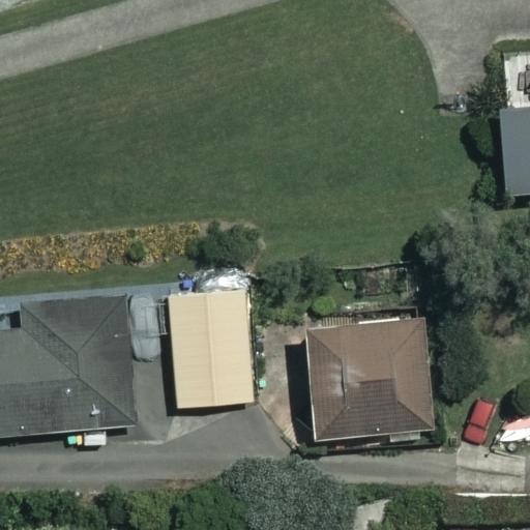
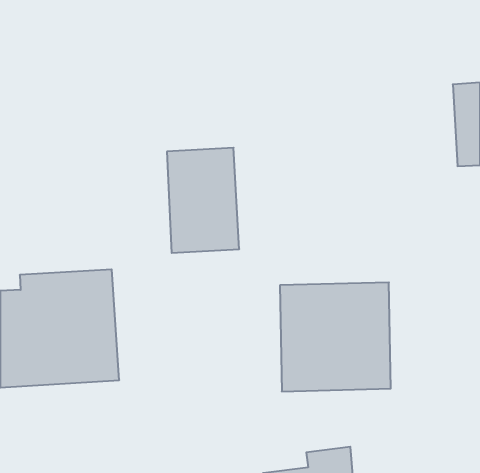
building: [171,292,251,408] -> [167,148,239,253]

